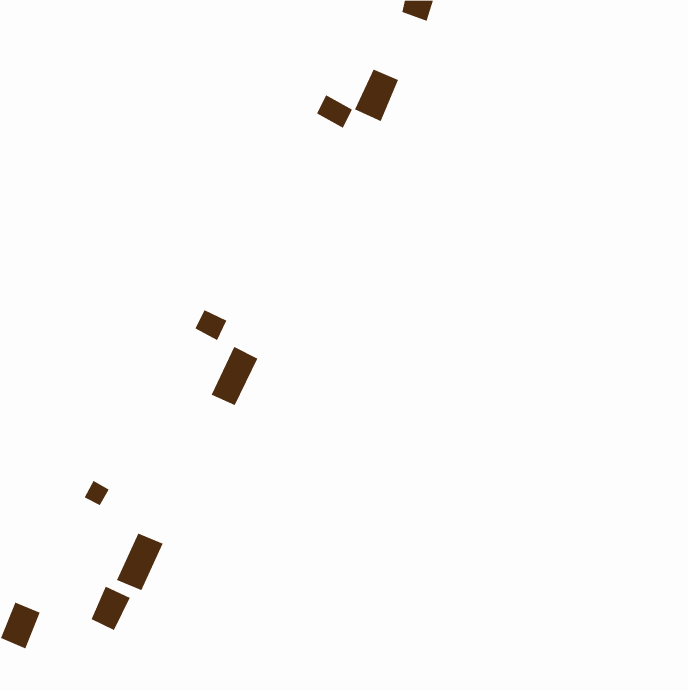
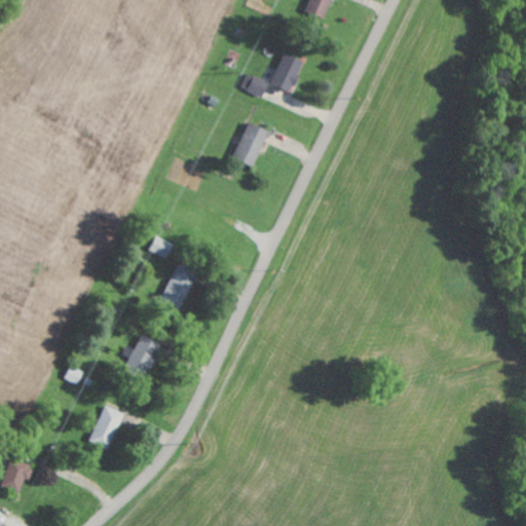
building: none -> [233,121,268,165]
building: none -> [124,335,162,378]
building: [91,586,131,631] -> none

